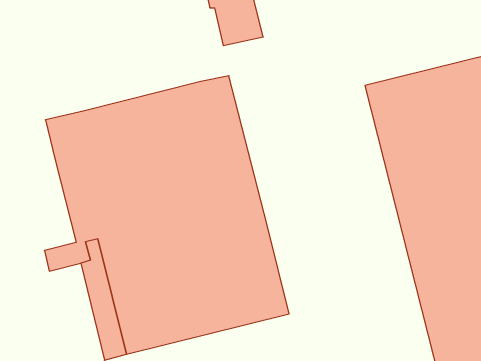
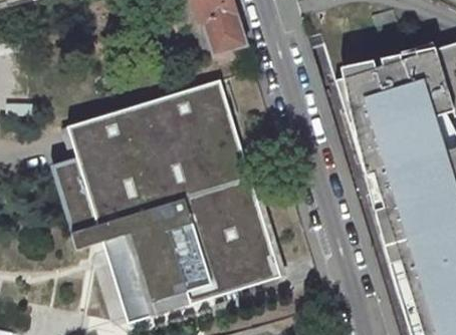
building: none -> [52,156,99,233]

